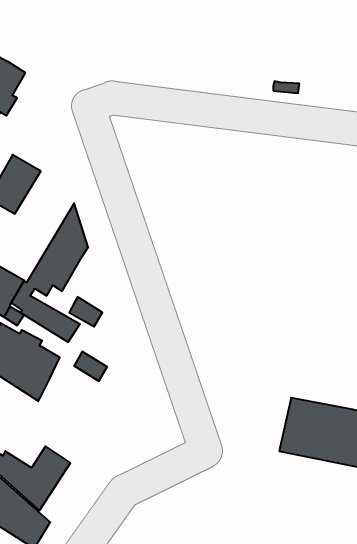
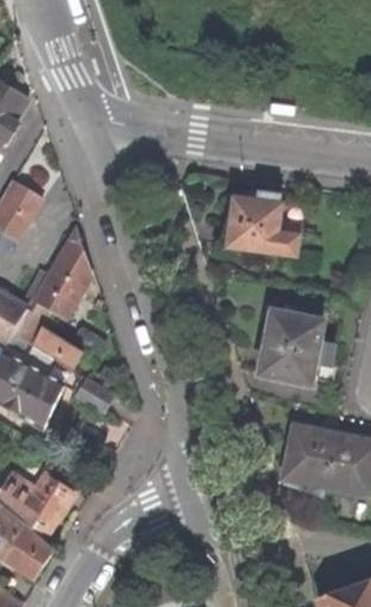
building: none -> [226,192,302,256]
building: none -> [260,307,333,384]

